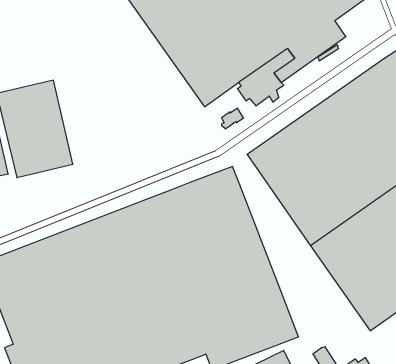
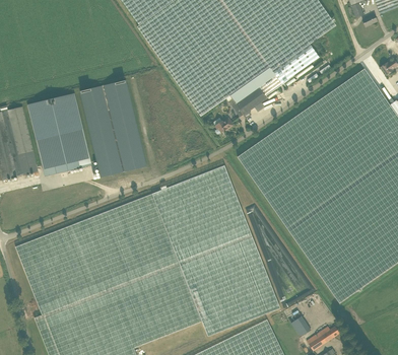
building: none -> [80,79,146,176]

